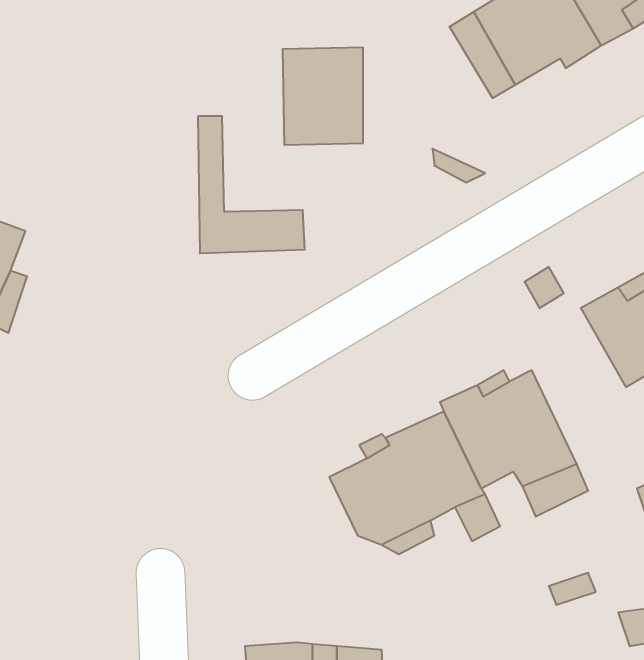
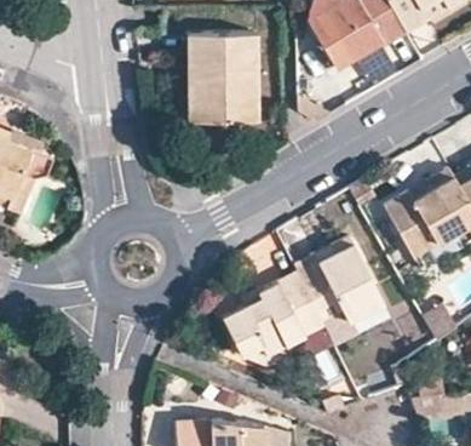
building: [198,116,305,253] -> [182,36,251,125]

